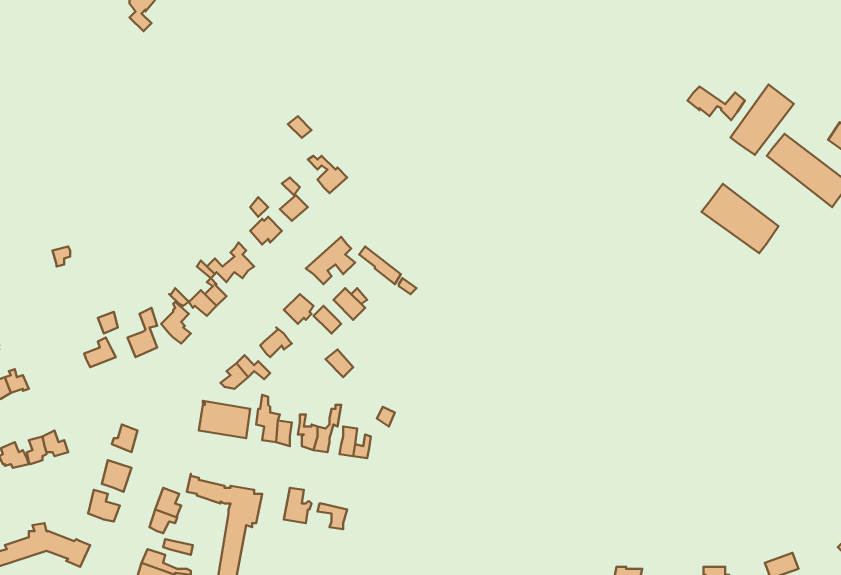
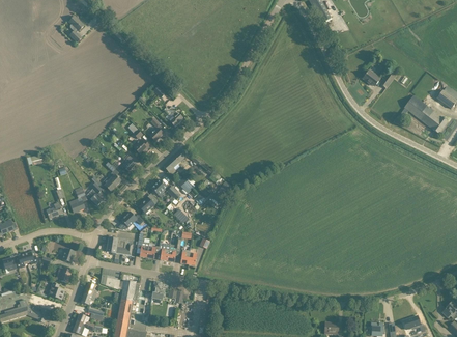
building: [731,85,794,155] -> none
building: [702,184,779,253] -> none

